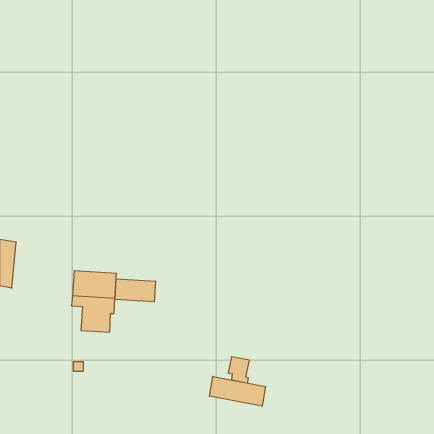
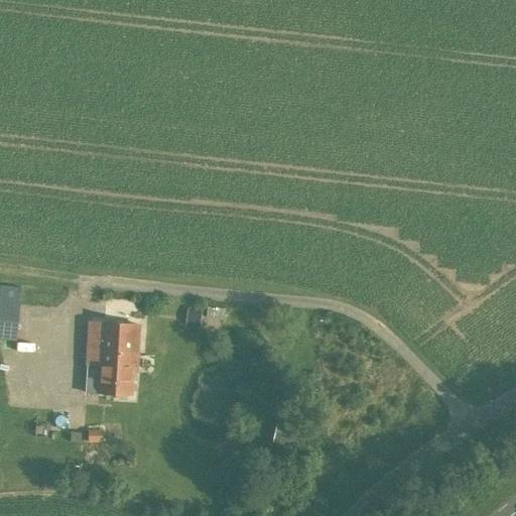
building: [115,279,155,302] -> none
building: [209,376,266,406] -> none

